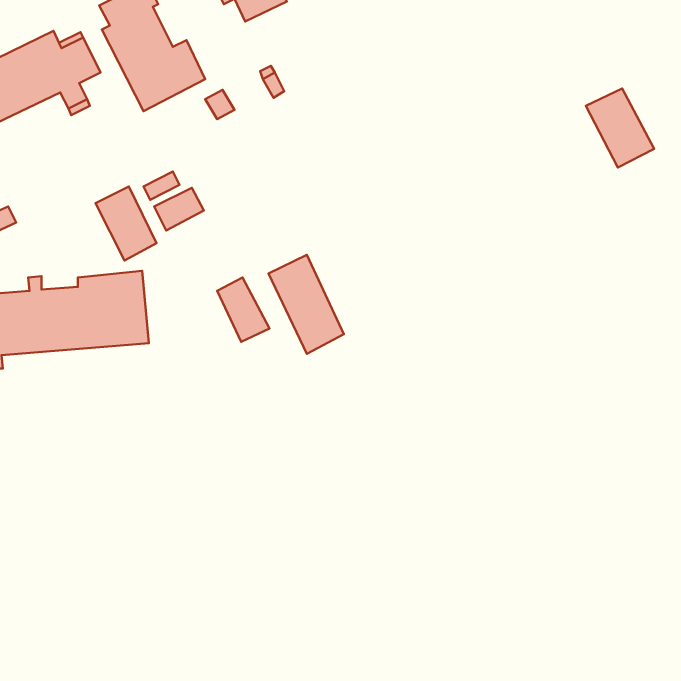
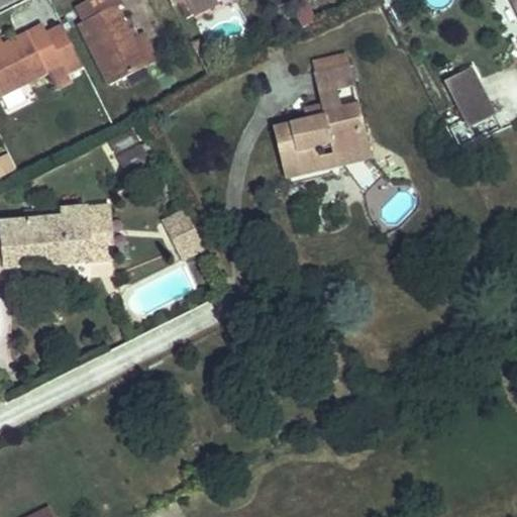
building: none -> [276,68,370,175]
building: [96,186,156,261] -> none
building: [268,255,344,354] -> none

